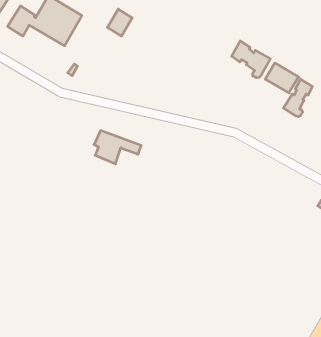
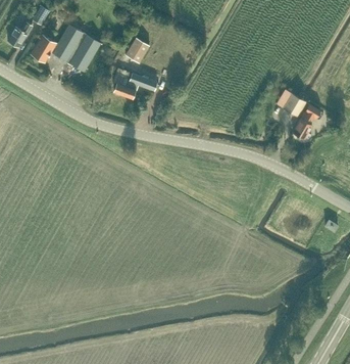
building: [232,41,270,78] -> none
building: [94,131,141,164] -> [111,69,156,100]

